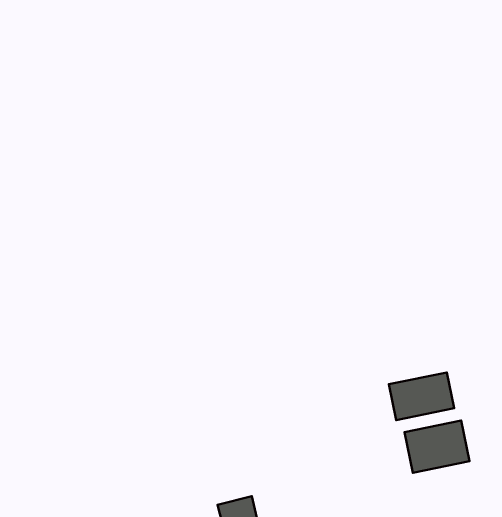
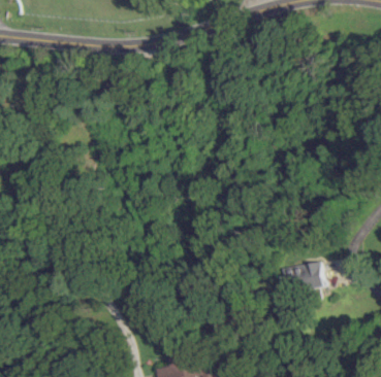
building: [404,421,470,473] -> none

